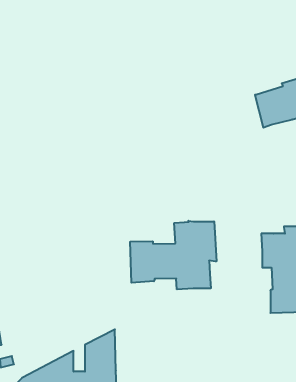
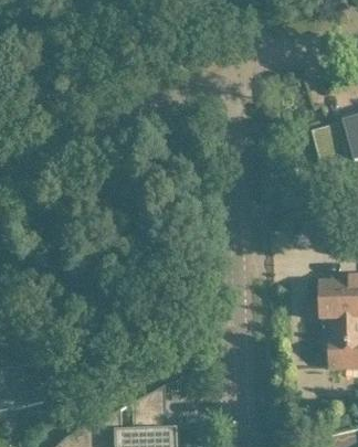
building: [130,221,216,289] -> none

